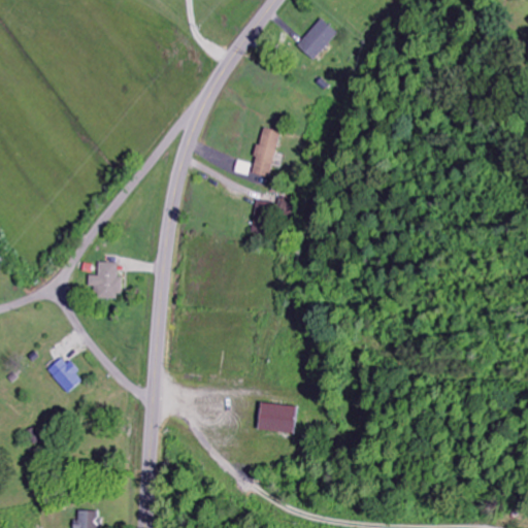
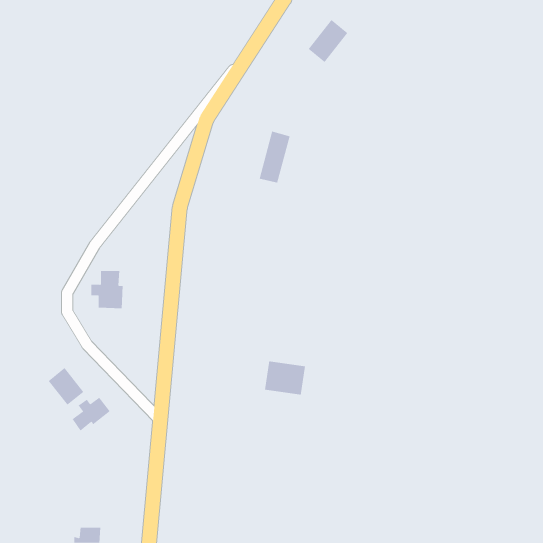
building: none -> [72,397,111,431]
building: [254,401,294,434] -> [264,361,306,395]

